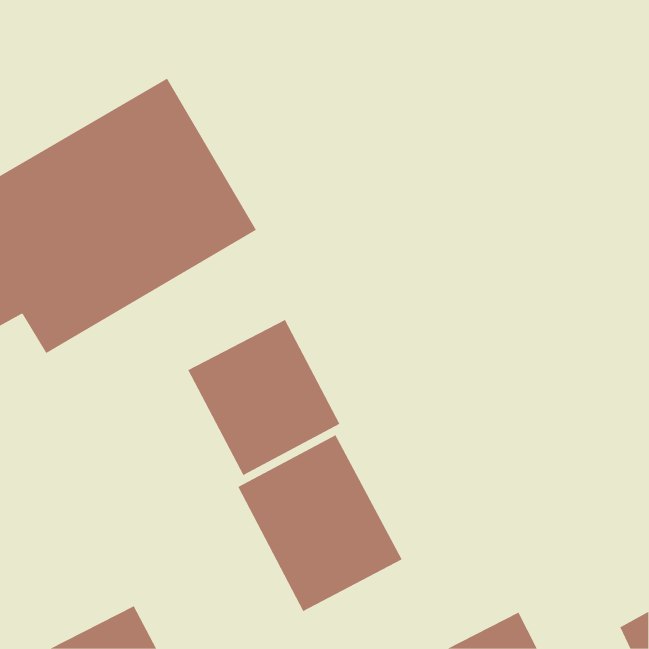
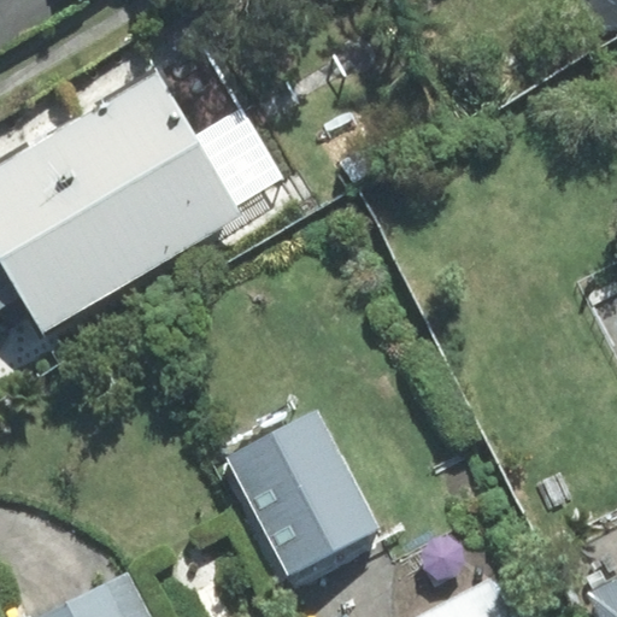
building: [187,319,340,476] -> none

